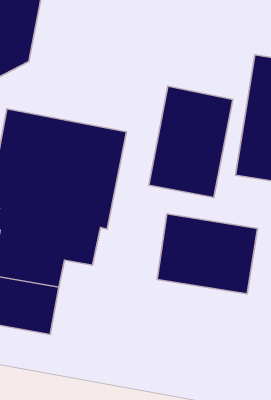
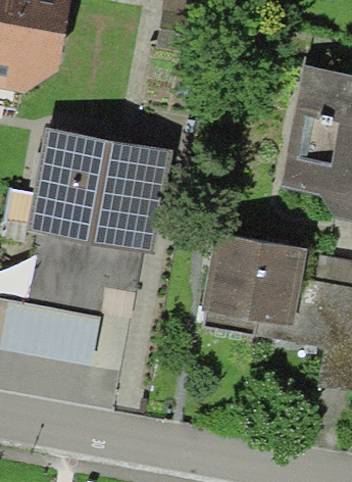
building: [149,86,233,197] -> none

